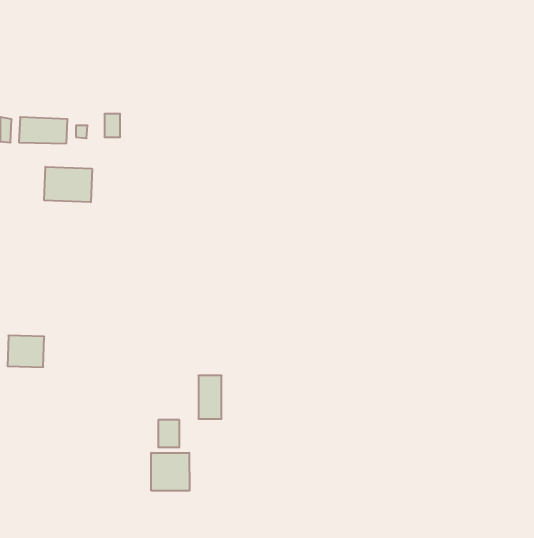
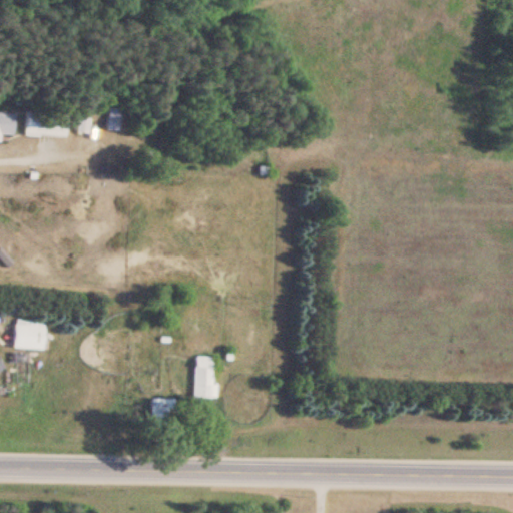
building: [44,167,92,202] -> none
building: [151,453,189,491] -> none

